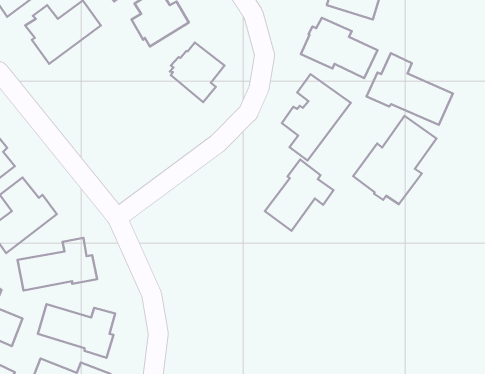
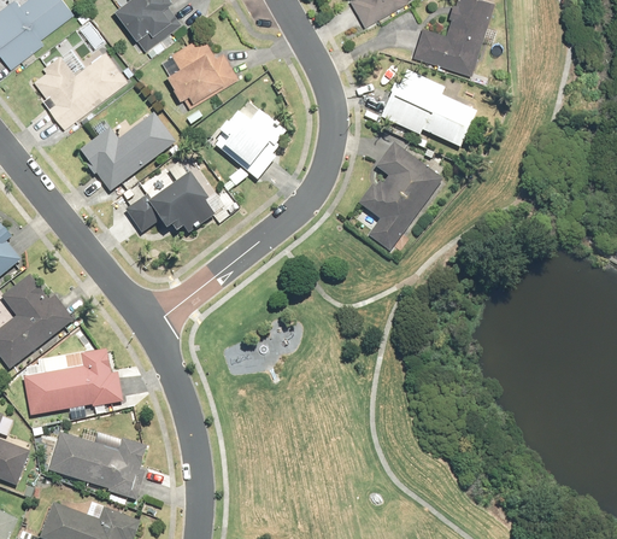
building: none -> [77,112,175,192]
building: [367,53,453,125] -> none
building: none -> [125,171,213,233]
building: [353,116,437,204] -> none
building: [265,160,334,231] -> none

